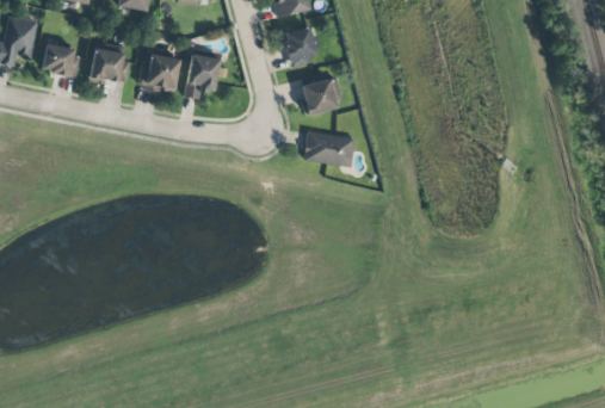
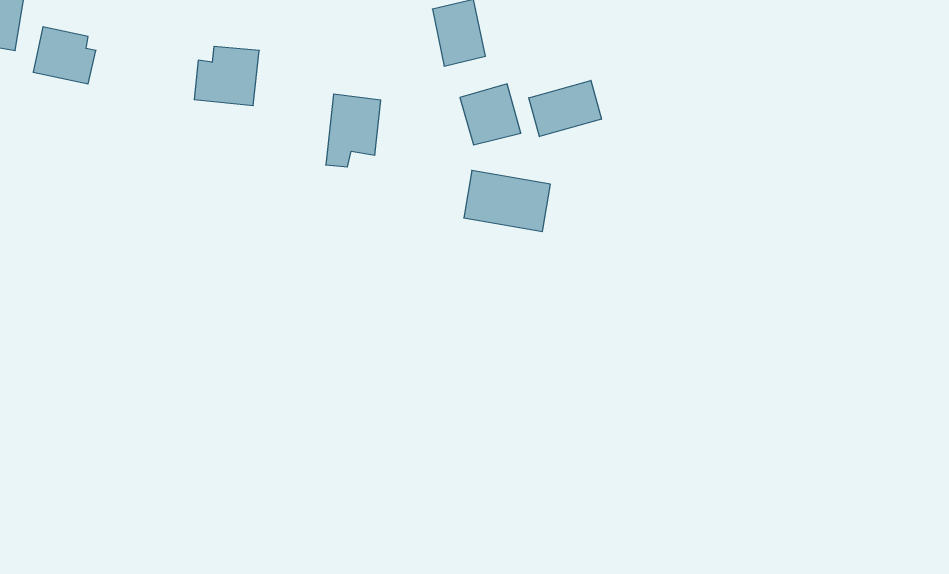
building: [91,49,128,82] -> none
building: [186,54,220,98] -> [326,94,381,167]
building: none -> [529,80,601,137]

